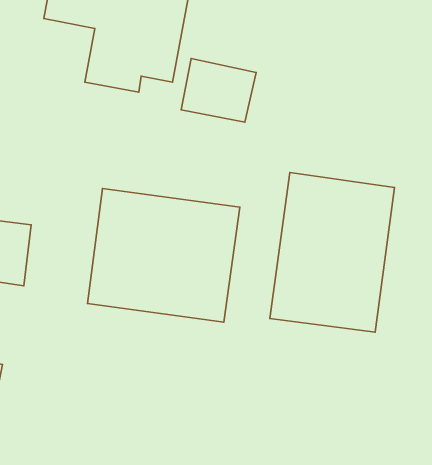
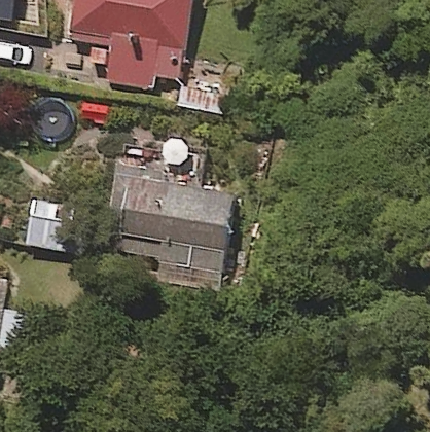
building: [270,173,395,332] -> none

